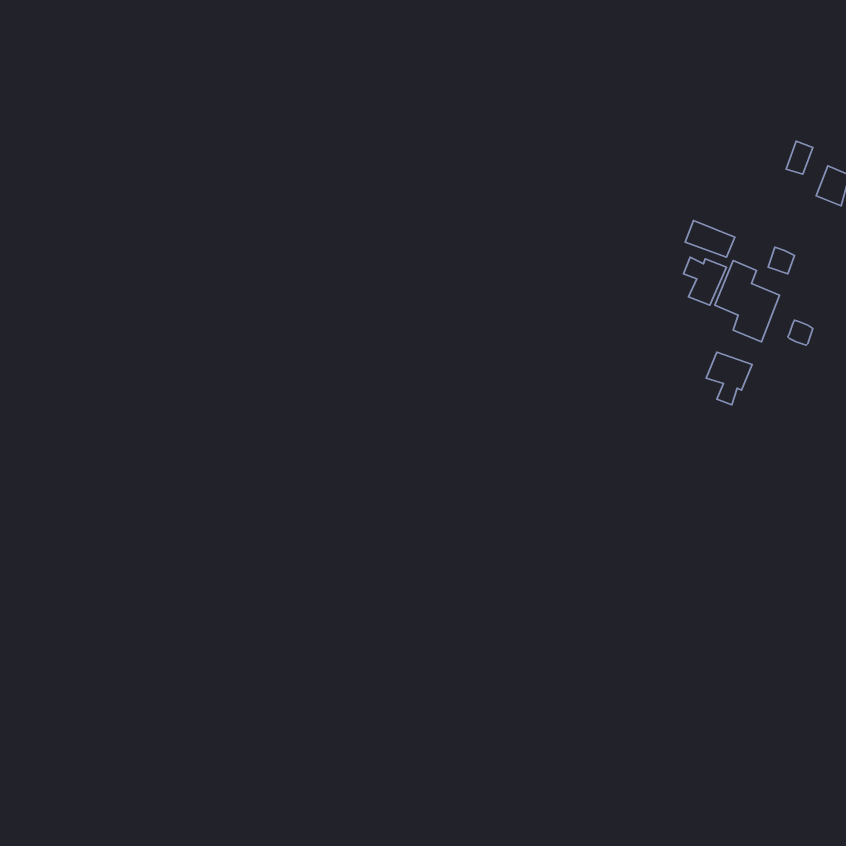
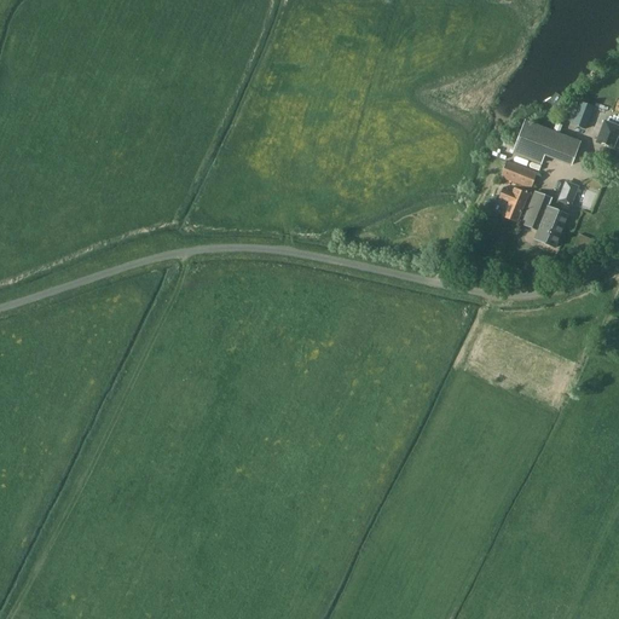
building: none -> [513,120,582,167]
building: [706,352,752,405] -> none

